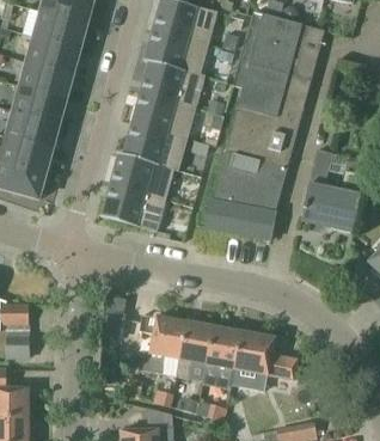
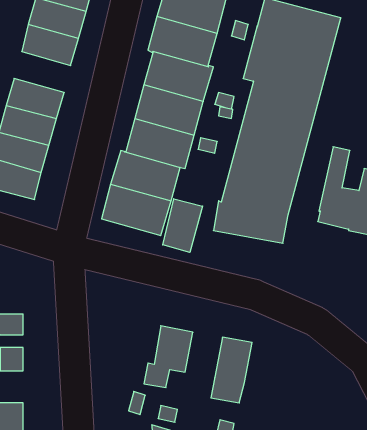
building: [19,61,72,99] -> none
building: none -> [163,199,203,252]
building: [174,321,213,378] -> none
building: [229,331,296,391] -> none

